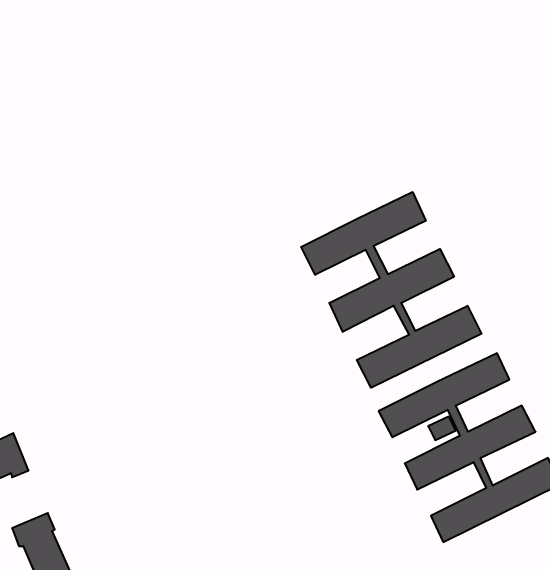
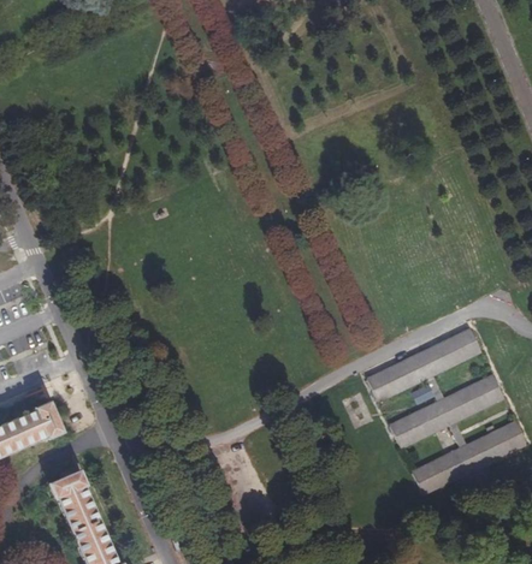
building: [301,192,482,388] -> none

